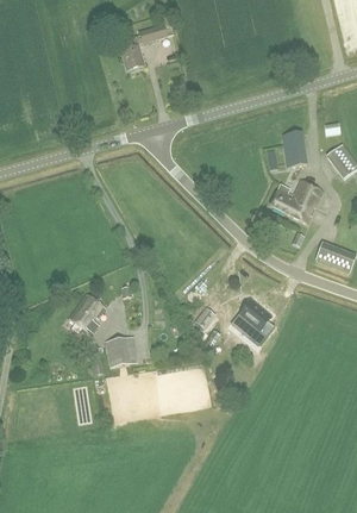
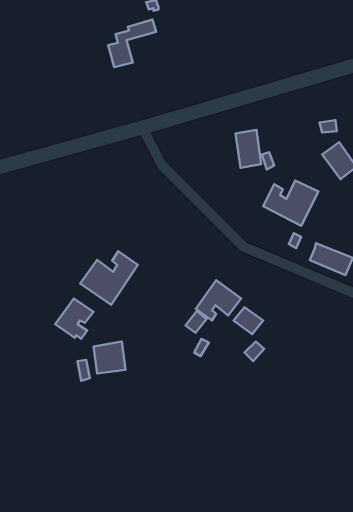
building: [281,129,306,165] -> [235,130,261,168]
building: none -> [80,251,138,305]
building: none -> [196,280,241,321]

